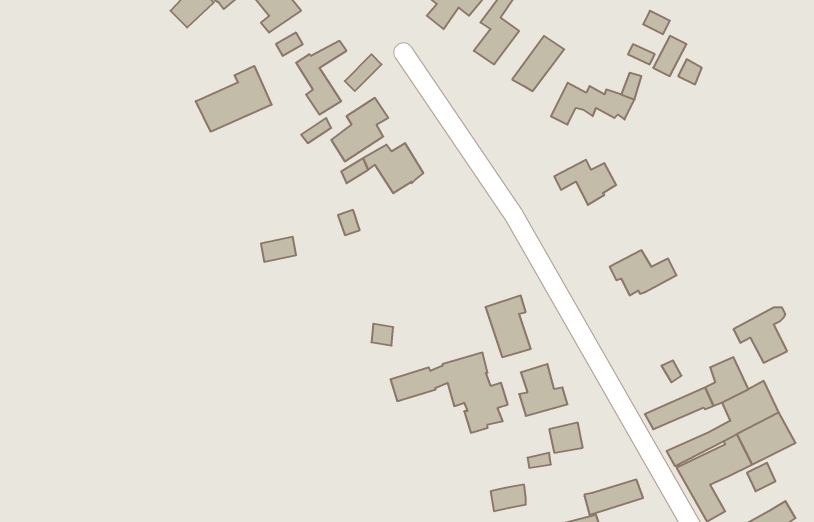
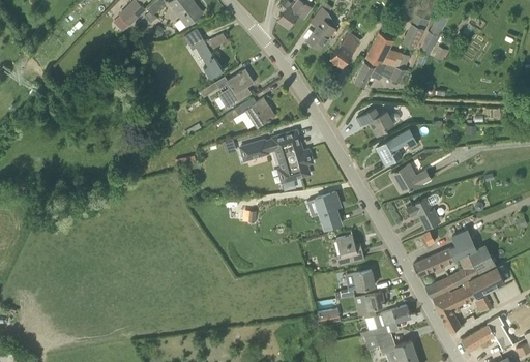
building: none -> [365,32,394,64]
building: [196,66,272,132] -> none
building: none -> [379,128,418,167]
building: [733,308,787,363] -> [407,194,440,229]
building: [390,353,508,433] -> [240,130,313,180]
building: none -> [360,292,385,318]

